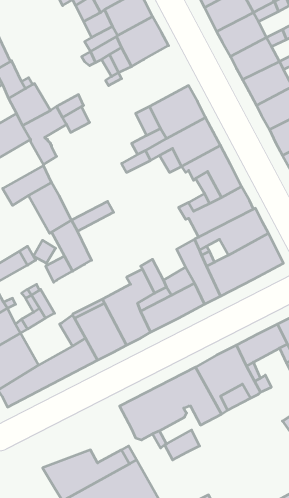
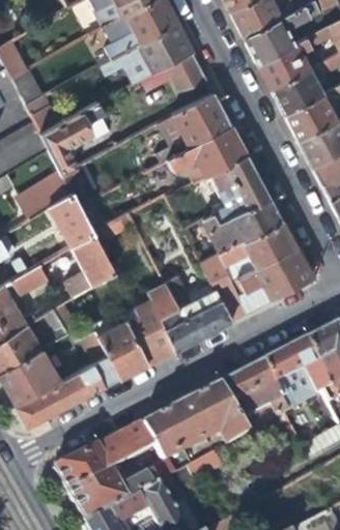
building: none -> [167,51,206,88]
building: none -> [55,424,154,489]

